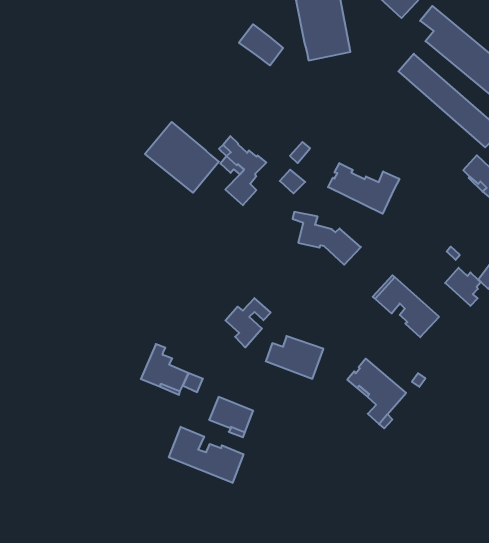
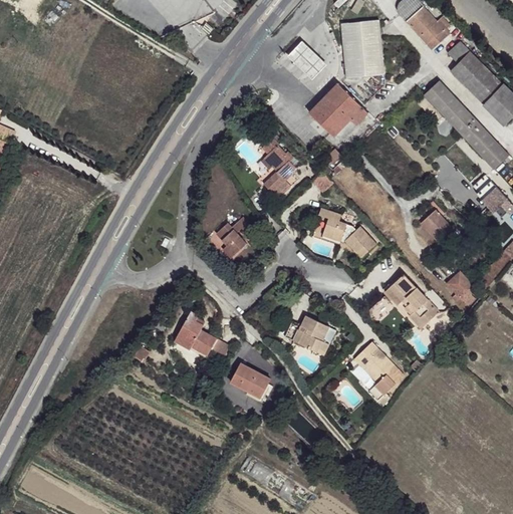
building: none -> [308,83,367,138]
building: [145,122,219,193] -> none
building: [328,163,399,214] -> none
building: none -> [420,210,453,242]
building: [225,298,271,347] -> [215,217,255,259]
building: [169,427,243,483] -> none

